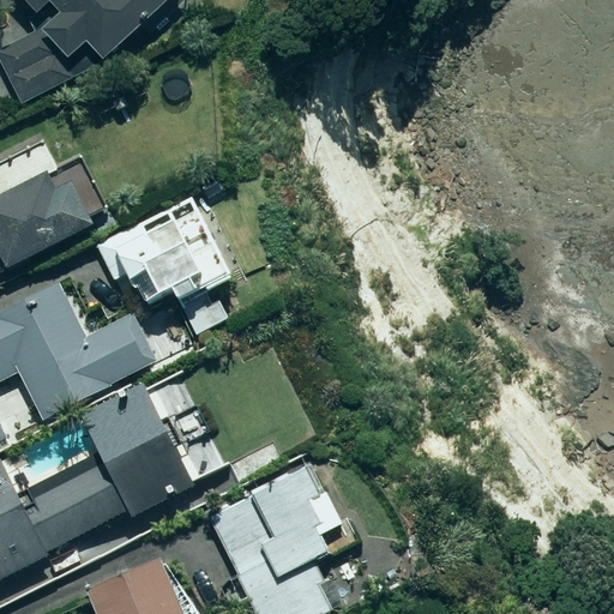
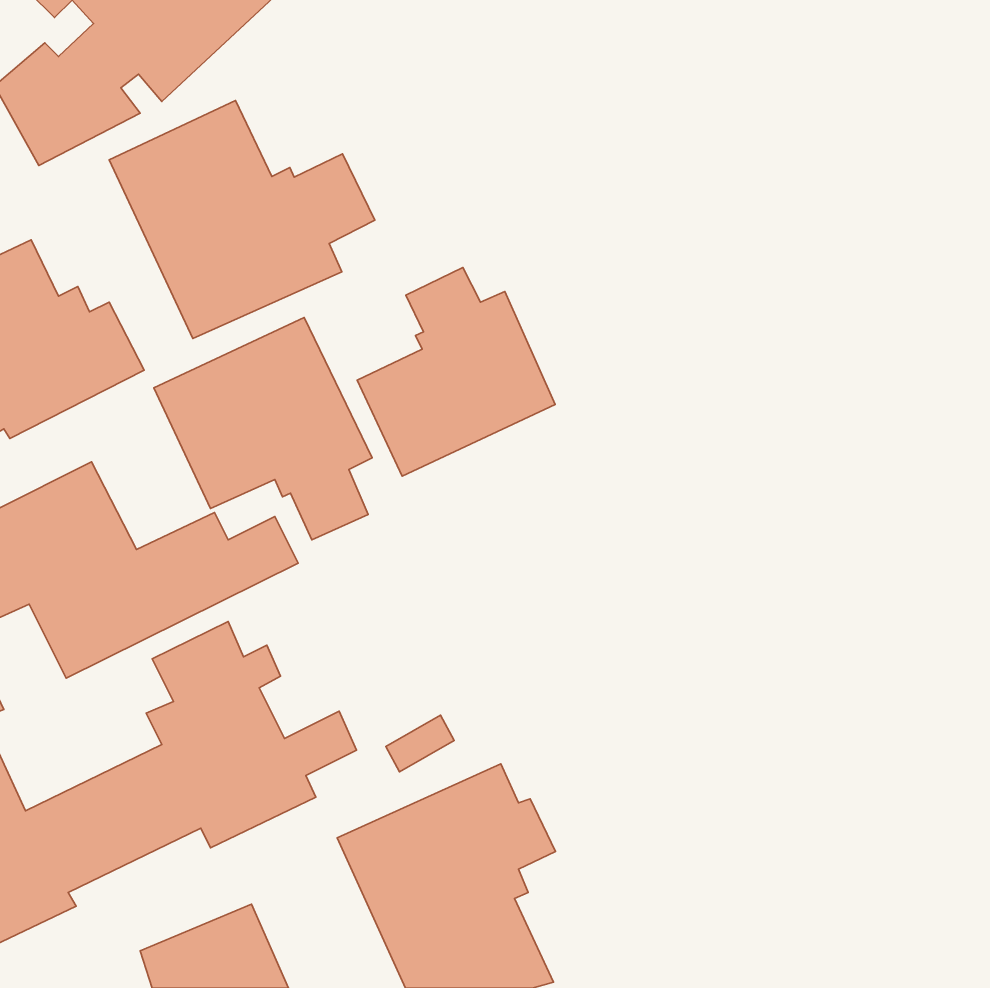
building: none -> [109,101,375,339]
building: none -> [357,268,555,476]

